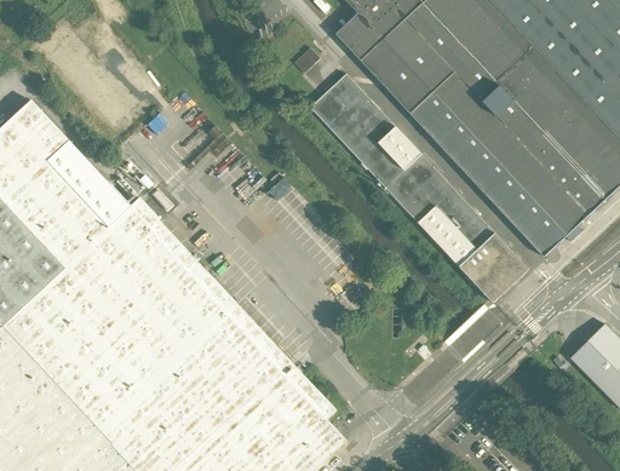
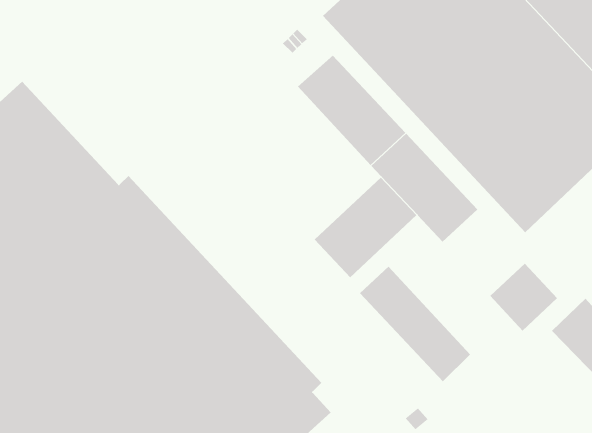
building: none -> [314,177,417,278]
building: [459,232,529,303] -> [489,263,558,331]
building: none -> [359,266,471,382]

